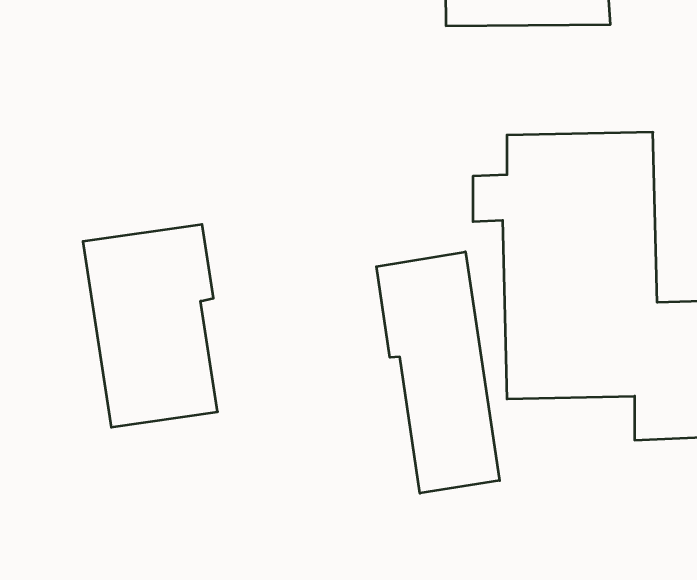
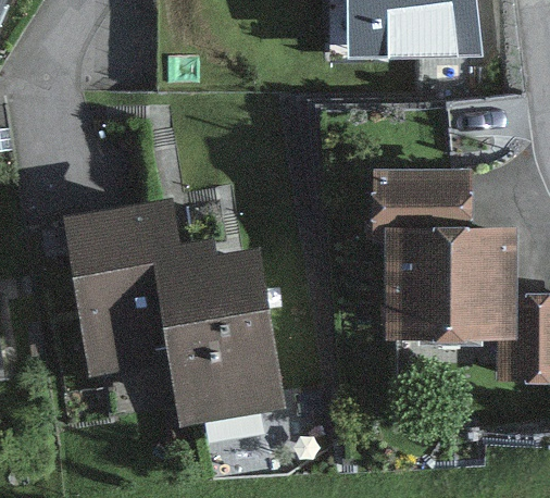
building: [376,252,500,493] -> none
building: none -> [159,254,266,413]

